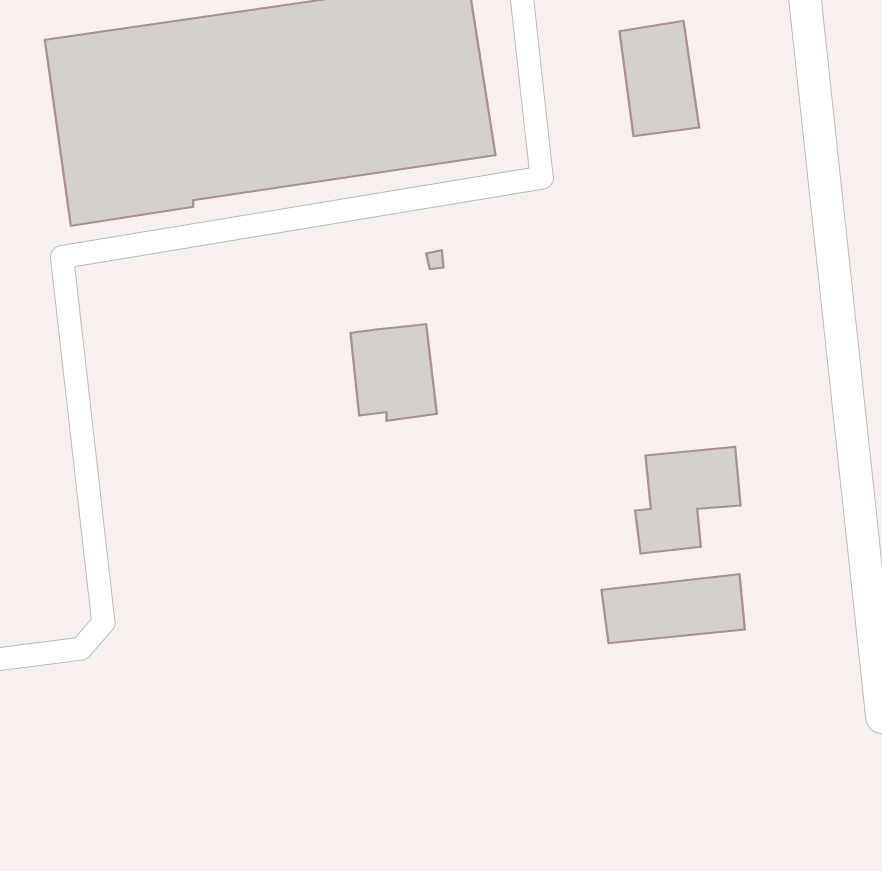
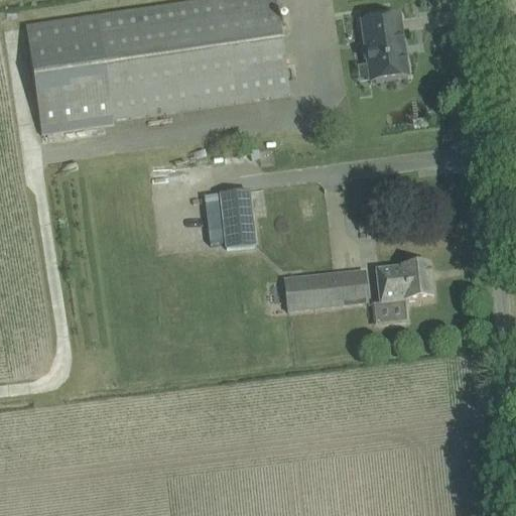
building: [601,574,745,643] -> [284,268,368,308]

